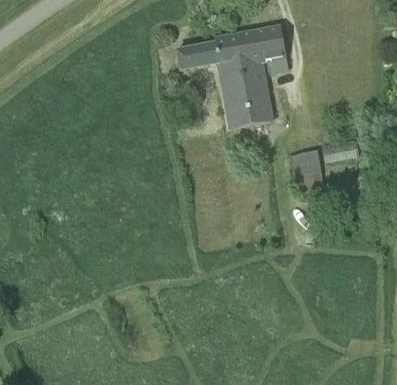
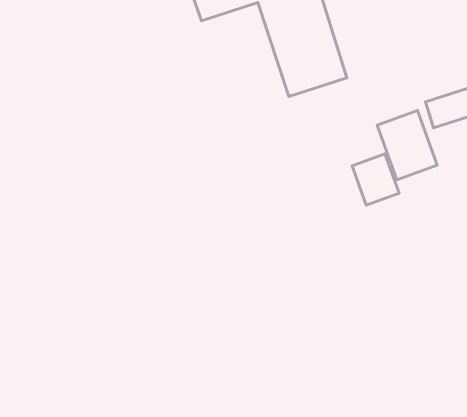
building: none -> [352,154,399,205]

